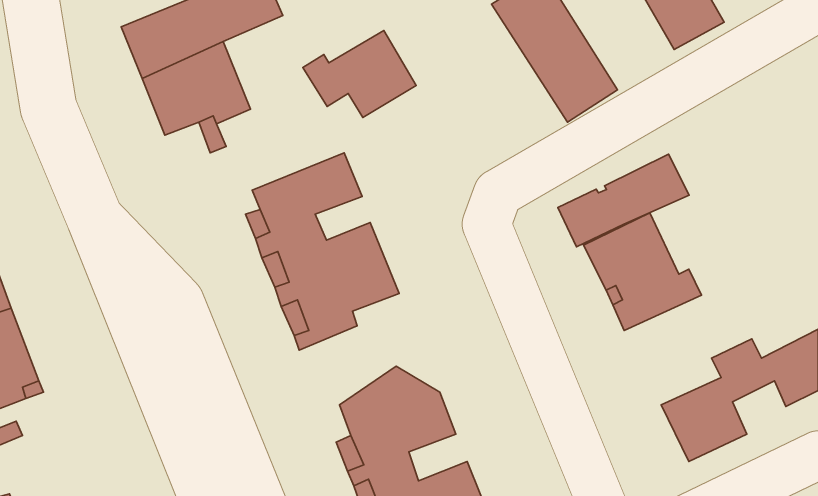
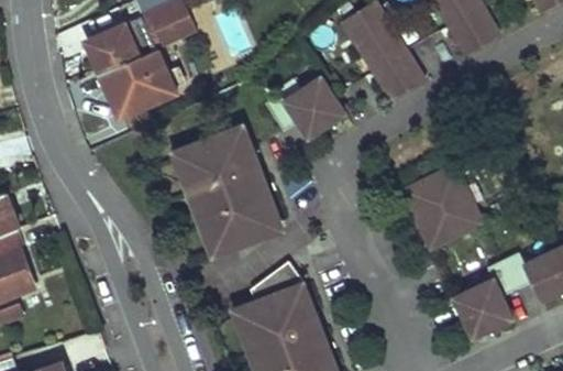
building: [303,30,416,118] -> [263,79,340,139]
building: [558,154,689,247] -> none

